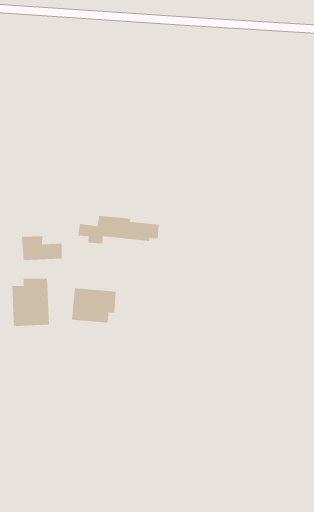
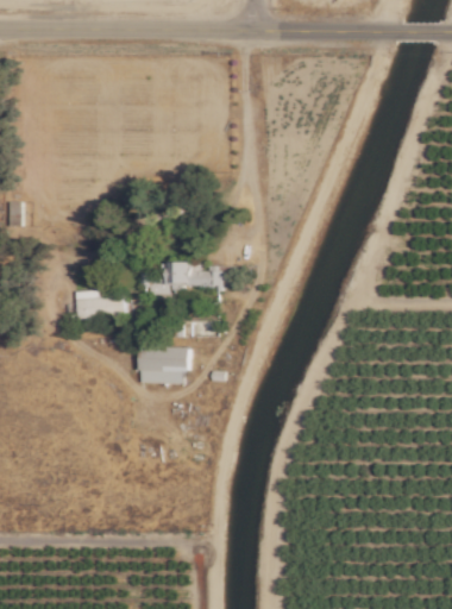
building: [12,278,49,327] -> none

